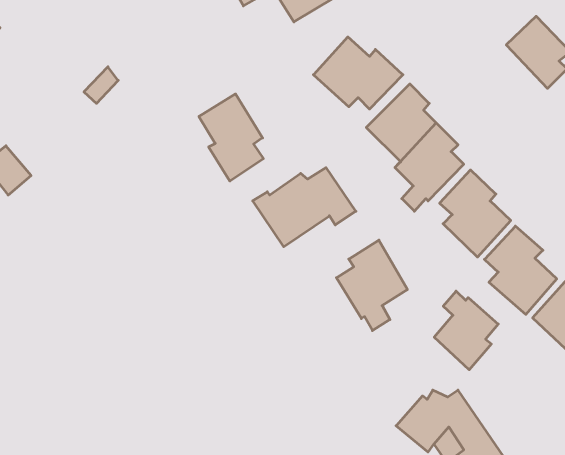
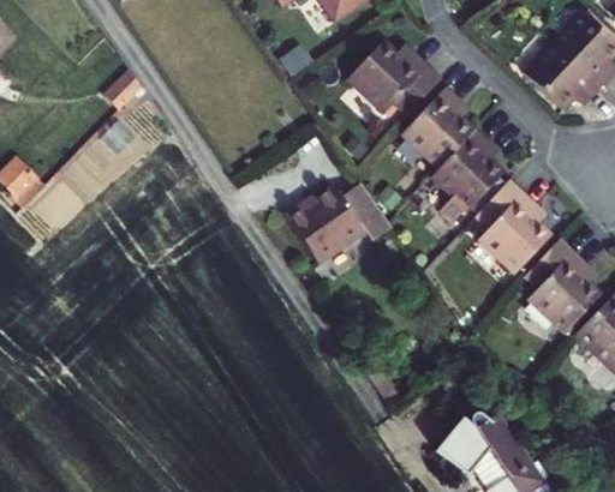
building: none -> [519,49,591,115]
building: [199,94,263,181] -> none
building: [336,240,407,331] -> none
building: [434,291,498,370] -> none

